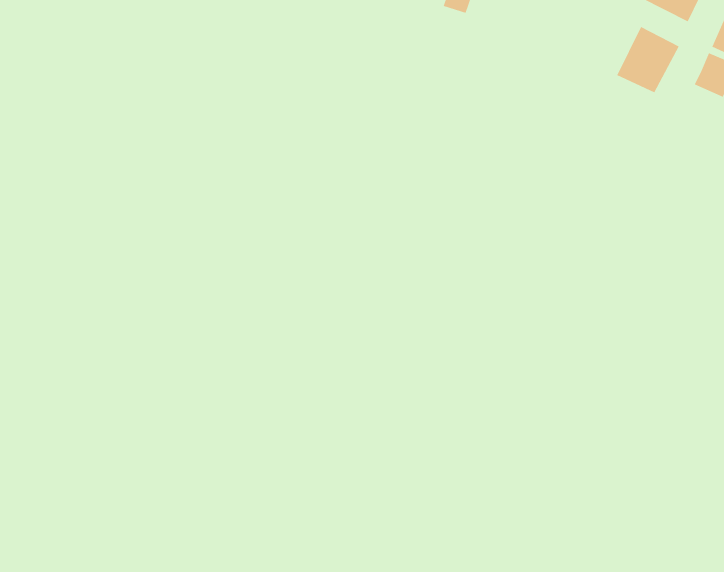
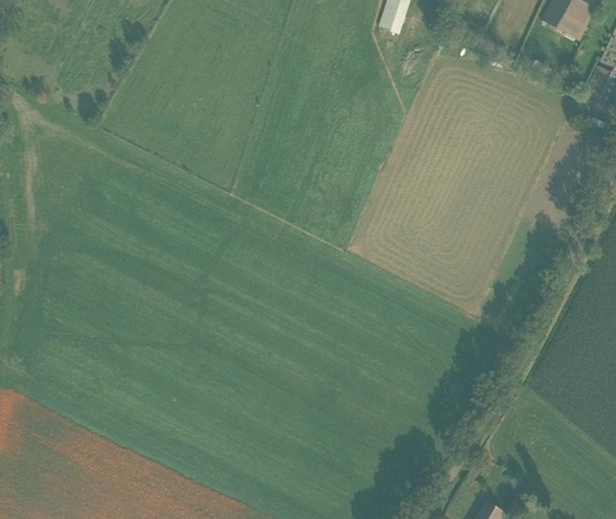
building: [617,26,680,93] -> none

